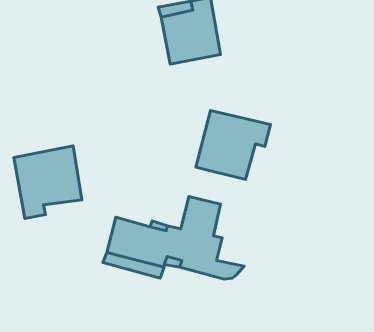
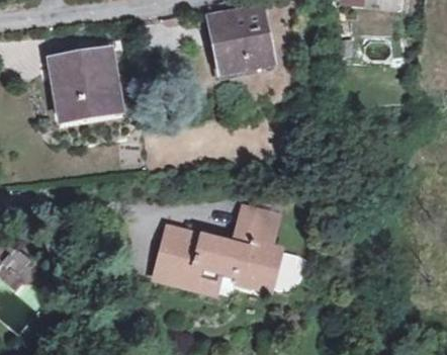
building: [196,110,271,179] -> none
building: [14,146,82,219] -> [51,49,120,123]

